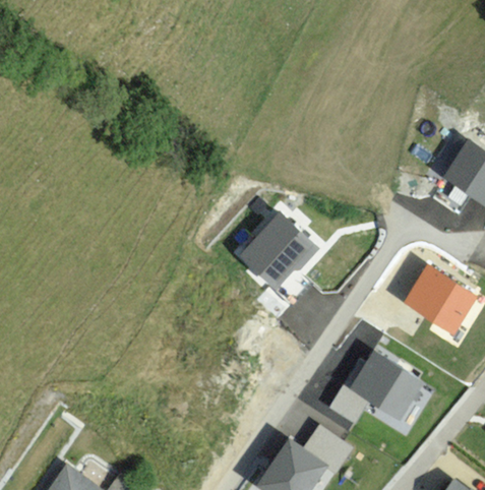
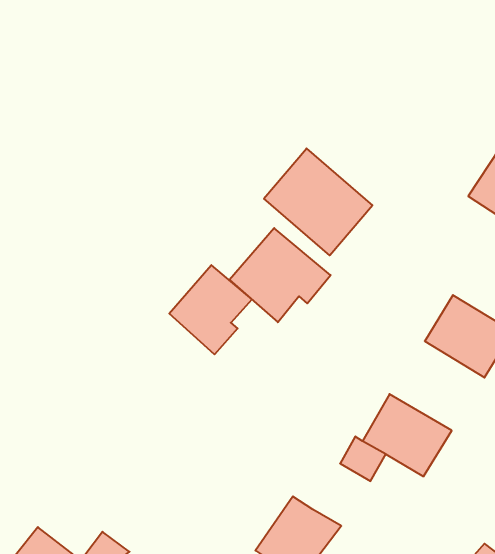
building: none -> [264,148,372,255]
building: none -> [169,265,252,354]
building: [305,426,354,470] -> none

